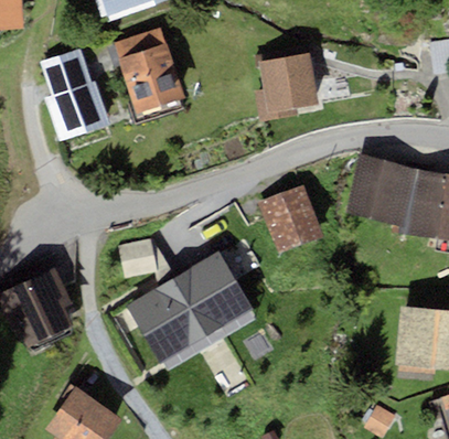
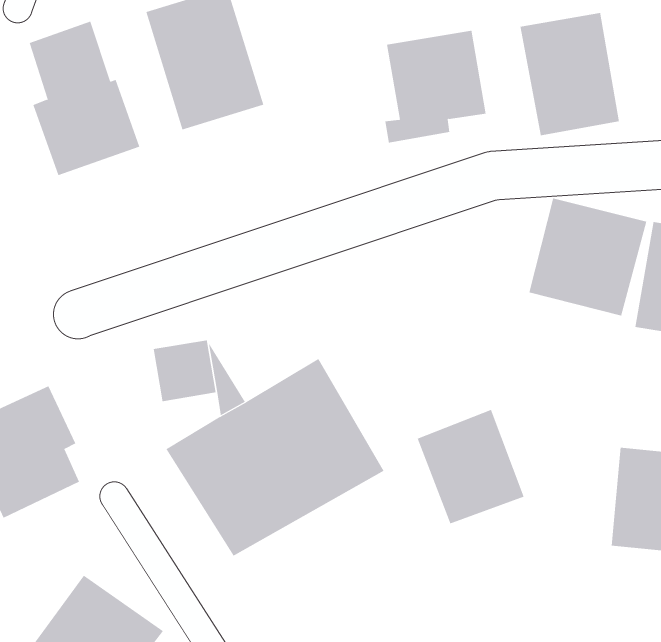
building: none -> [520,12,620,136]
building: [258,184,323,254] -> [417,409,524,524]

